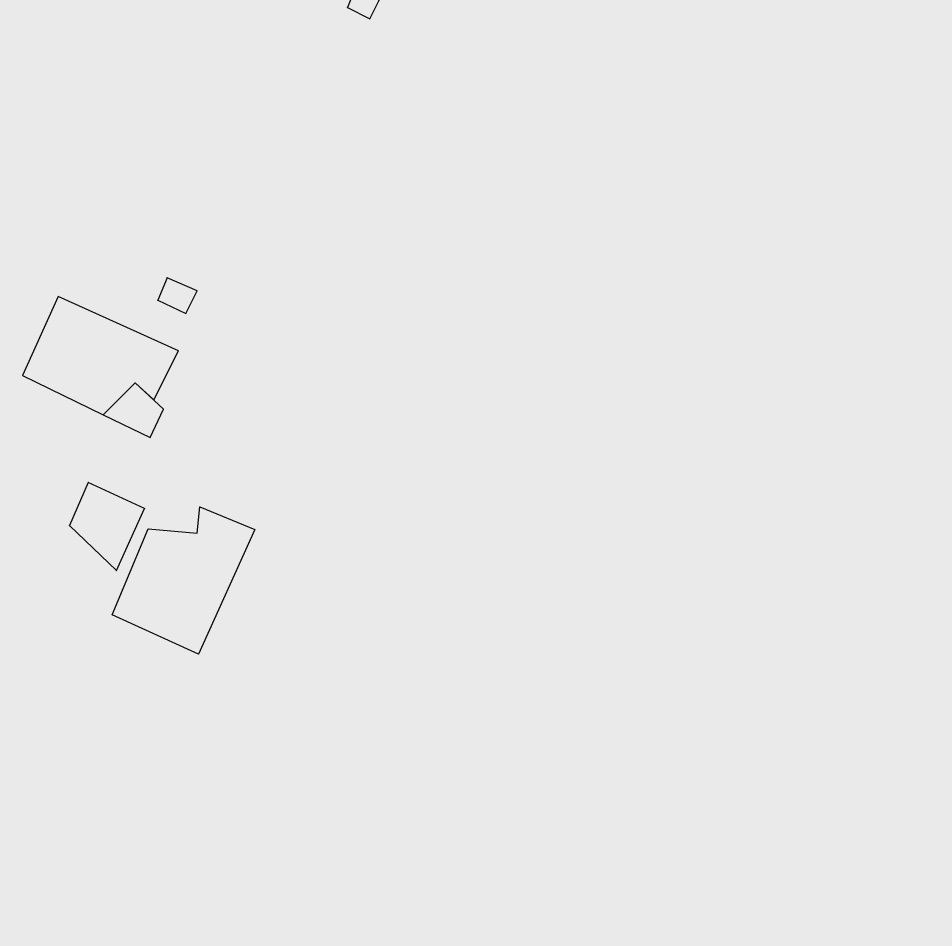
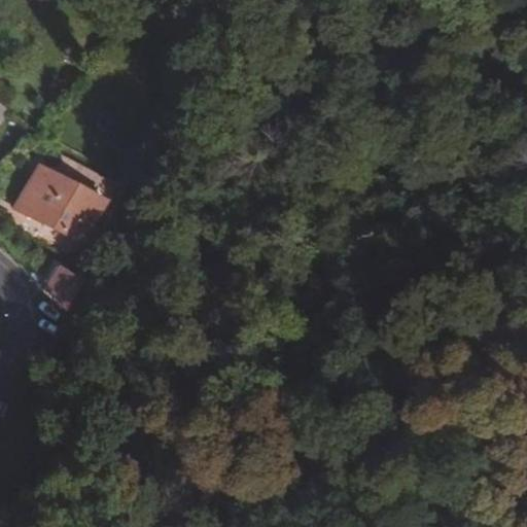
building: [112,507,255,654] -> none

